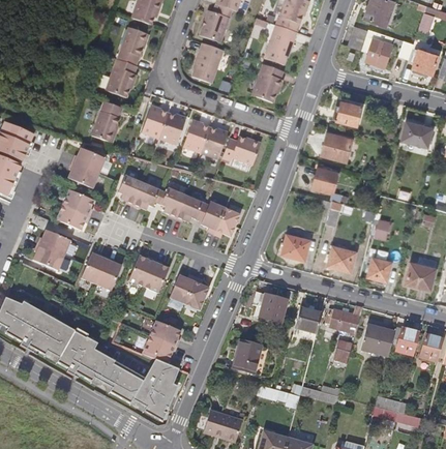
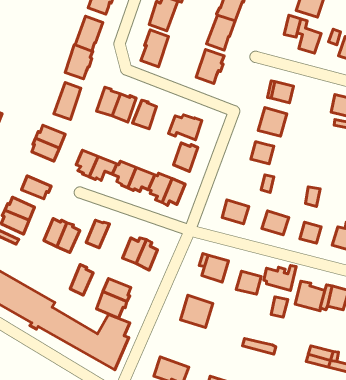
building: [199,127,226,159] -> [174,143,198,171]
building: [62,190,93,216] -> none
building: [143,259,169,293] -> [70,265,93,295]

